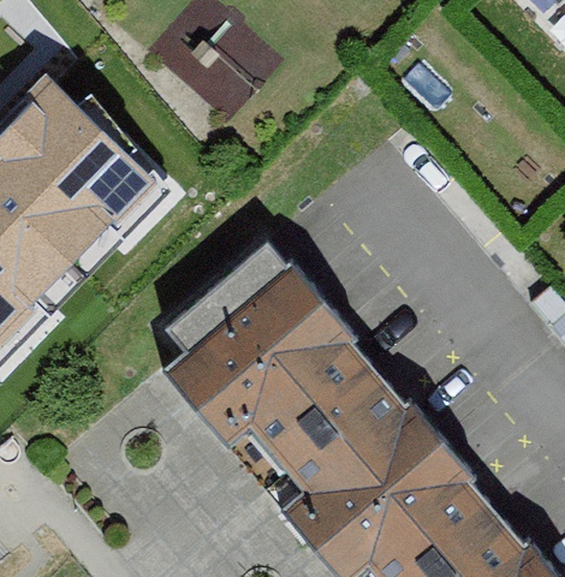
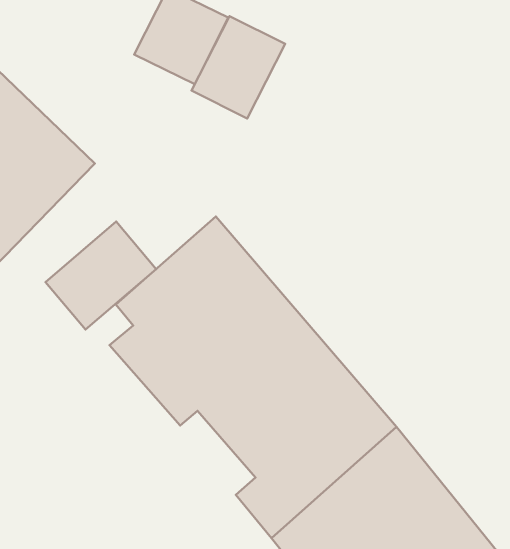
building: none -> [192,16,285,118]
building: none -> [45,222,156,330]

